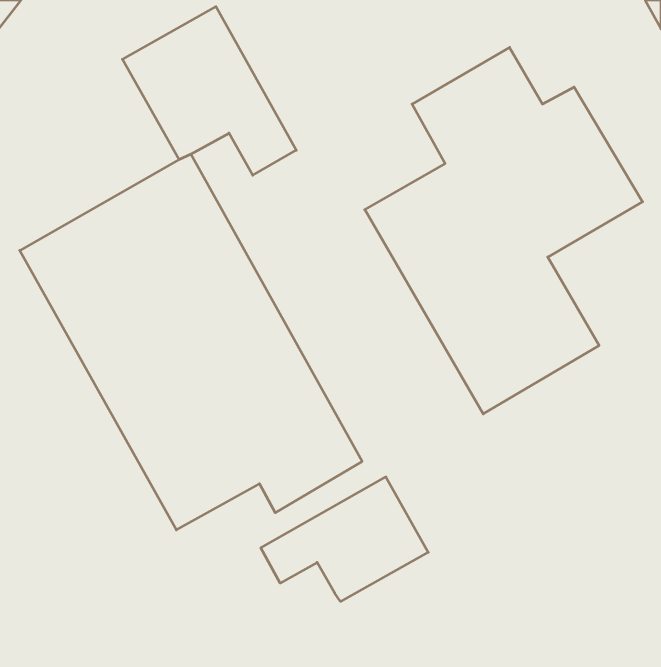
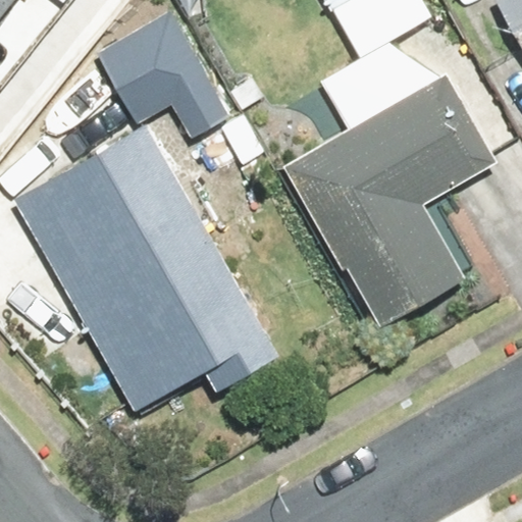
building: [261,477,428,601] -> none

